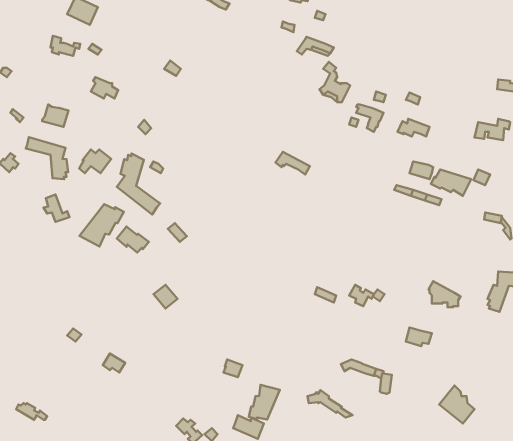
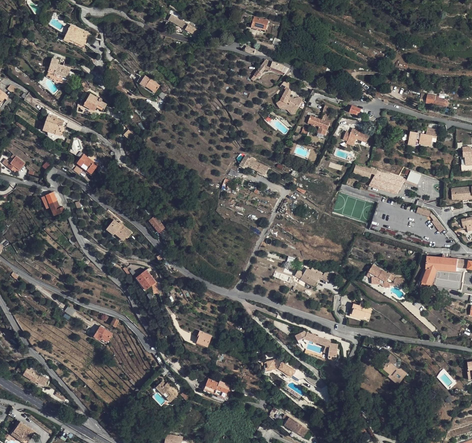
building: [26,137,68,179] -> none
building: [117,153,160,214] -> none
building: [80,204,124,247] -> none
building: [249,385,280,419] -> none

